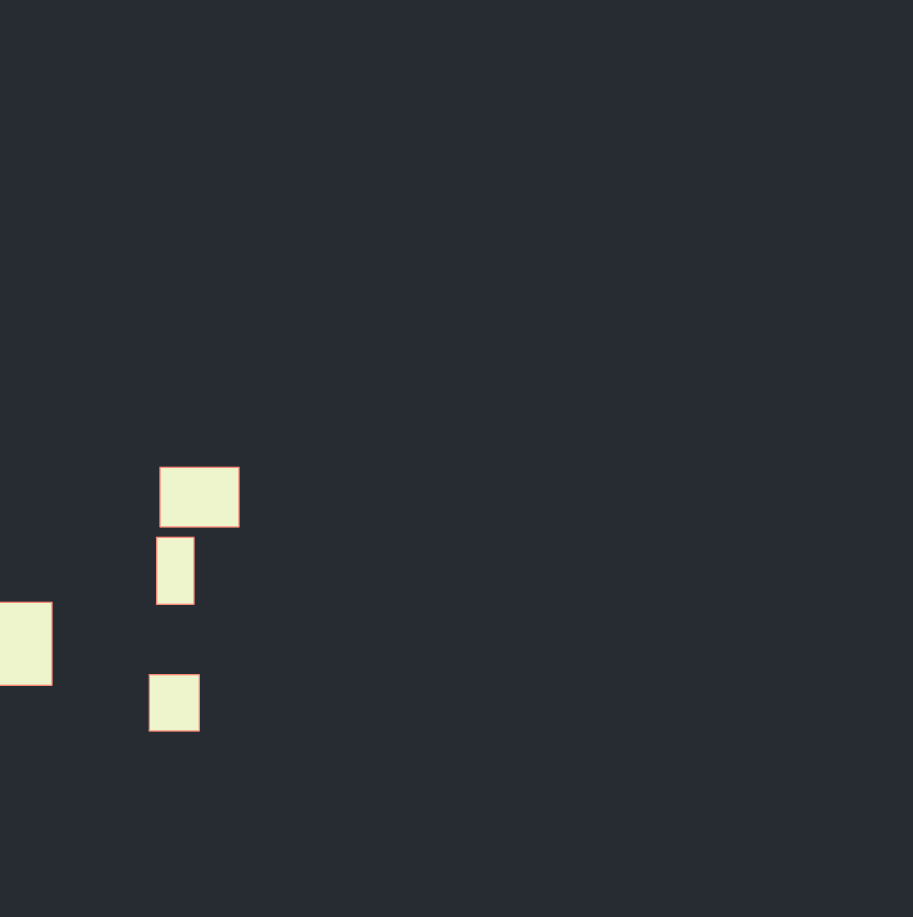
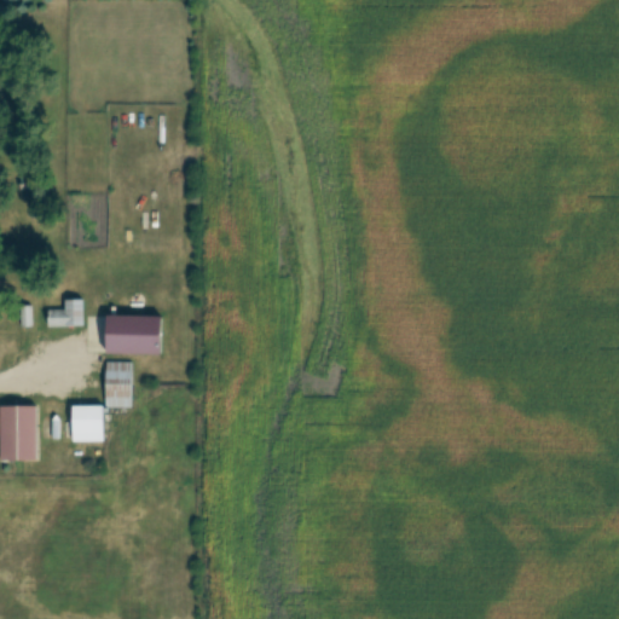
building: none -> [46,299,82,325]
building: [149,675,199,731] -> [70,405,104,442]

